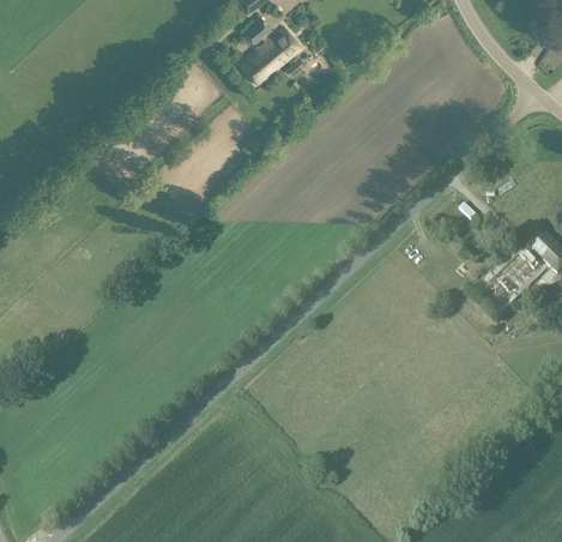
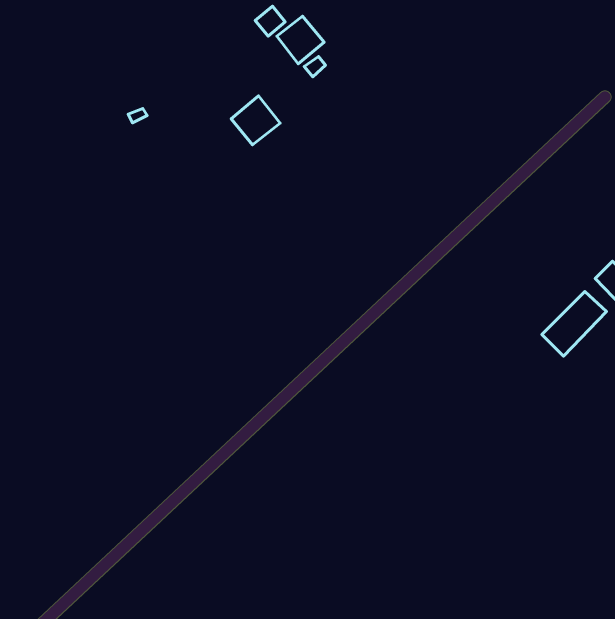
building: [242,41,283,82] -> [231,96,280,145]

